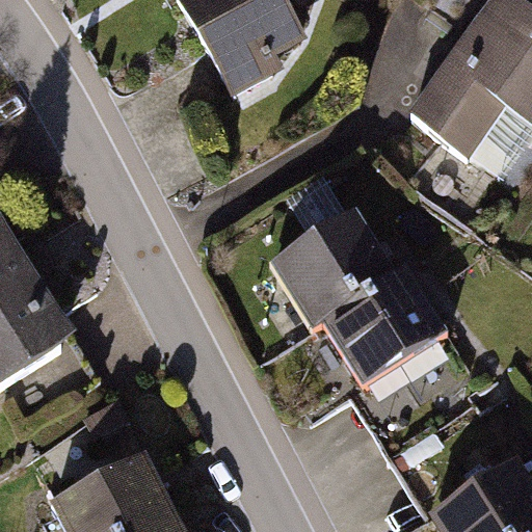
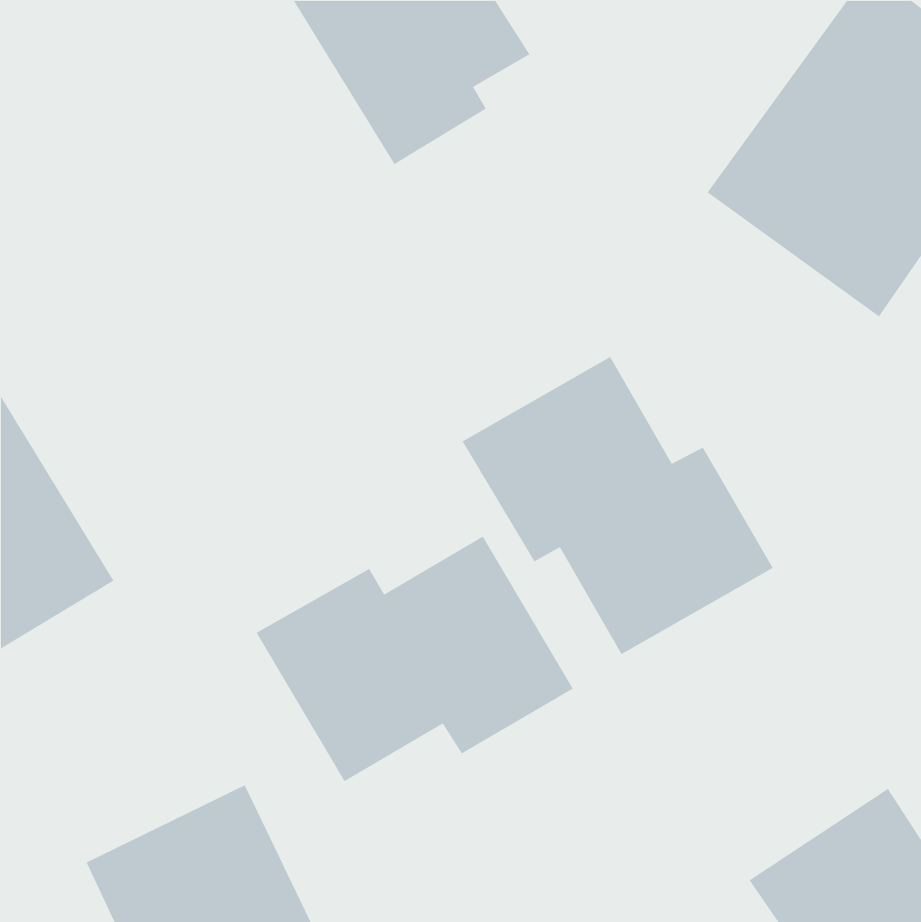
building: none -> [255,536,574,782]

